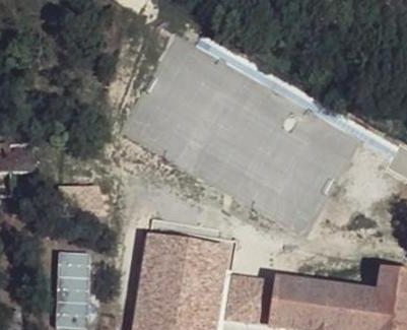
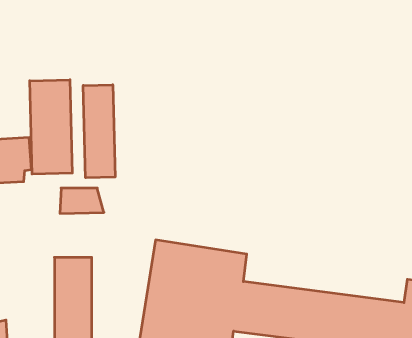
building: none -> [30,80,72,174]
building: none -> [83,85,115,178]

